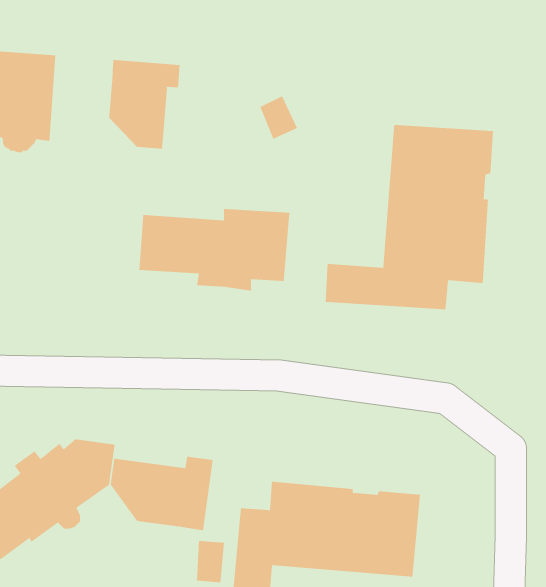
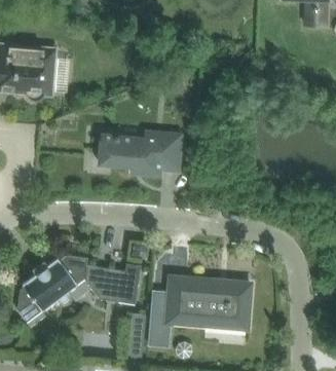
building: [108,59,180,149] -> none
building: [325,124,494,310] -> none

